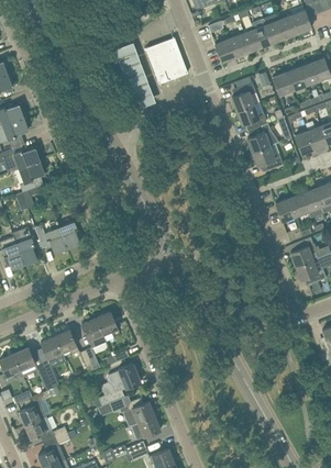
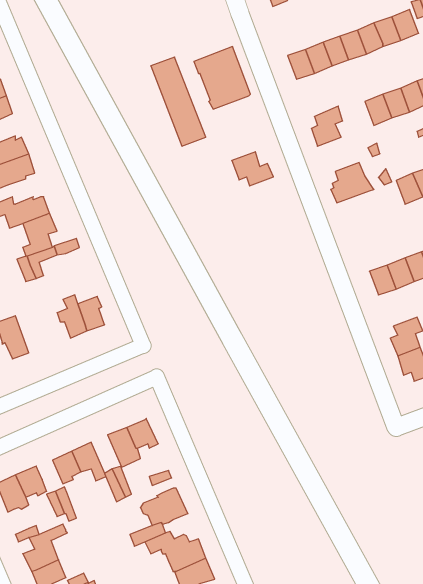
building: [236,104,267,130] -> [232,152,273,186]
building: [251,144,283,171] -> none
building: [11,226,36,264] -> none

